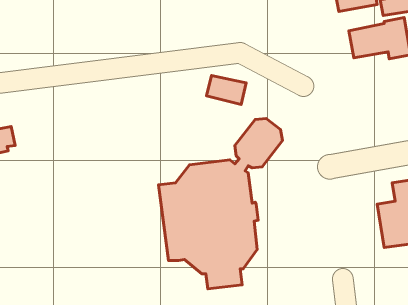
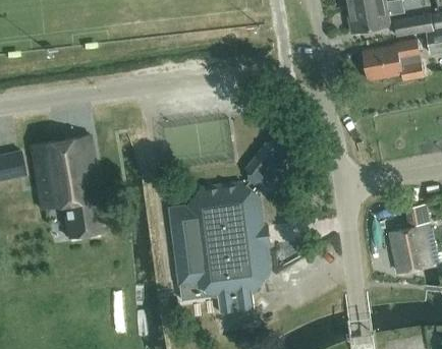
building: [207,76,246,104] -> none
building: none -> [31,136,102,238]

